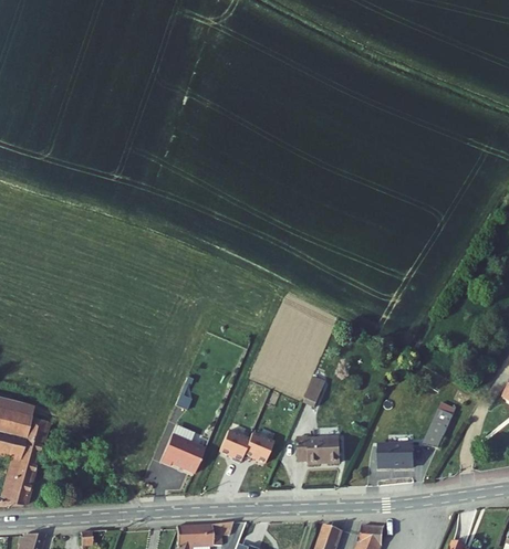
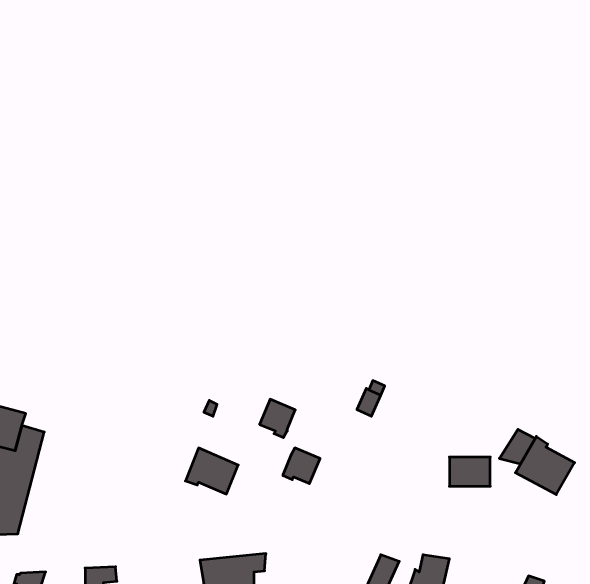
building: none -> [515,436,575,495]
building: [220,430,250,462] -> [260,399,295,438]
building: [298,436,342,464] -> none

